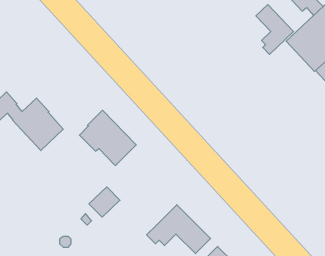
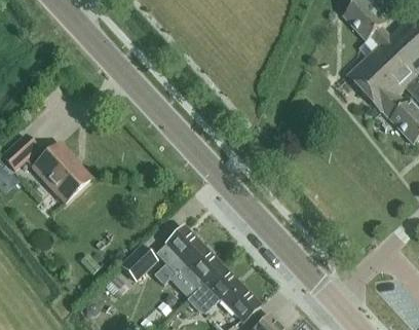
building: [256,5,294,54] -> none
building: [79,110,136,165] -> [157,225,223,289]

